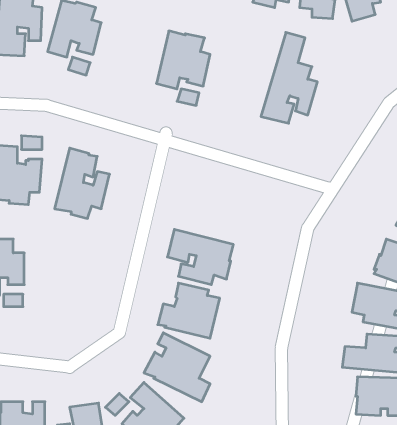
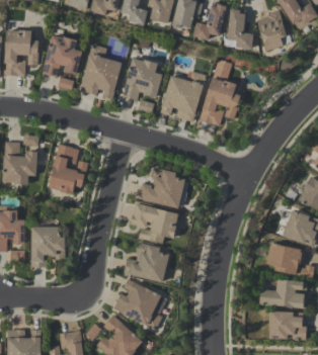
building: none -> [79,43,121,99]
building: none -> [160,71,206,122]
building: none -> [138,167,184,208]
building: none -> [30,227,65,267]

